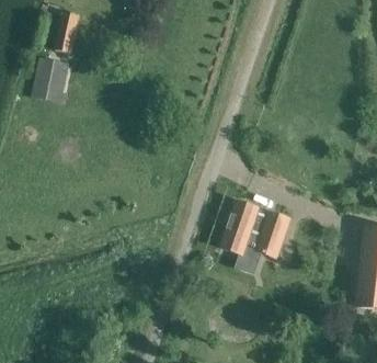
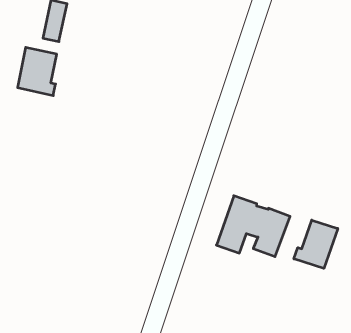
building: none -> [294,220,338,268]

